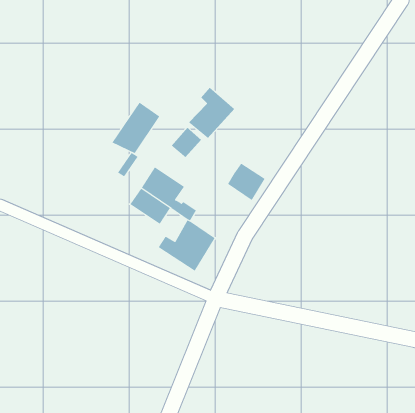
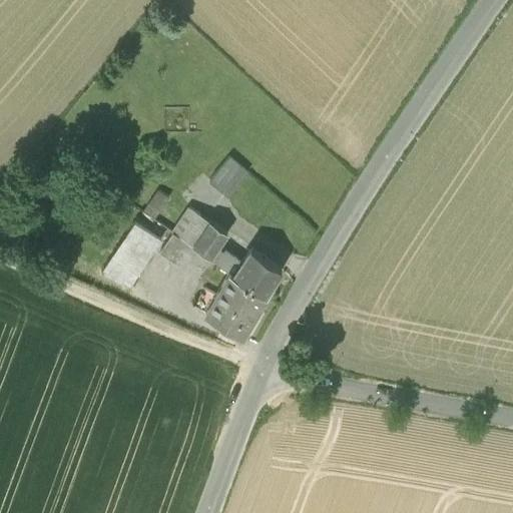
building: [188,87,235,139] -> none
building: [111,102,160,154] -> [102,223,162,288]
building: [227,163,265,201] -> [235,249,283,297]

